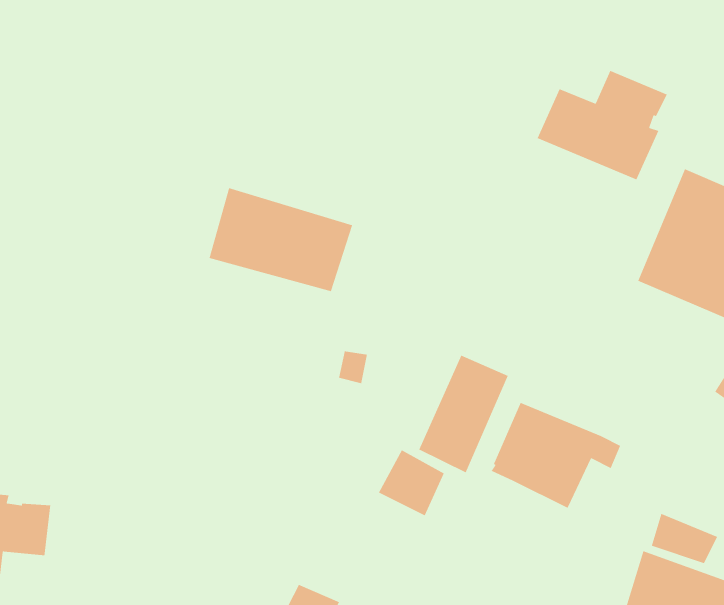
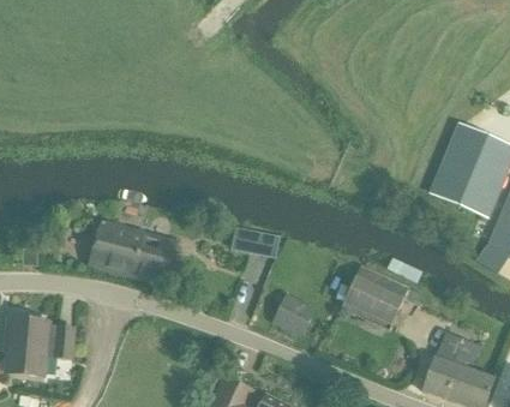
building: [537,70,668,181] -> none
building: [209,187,353,292] -> [89,221,176,285]
building: [418,354,509,473] -> none

